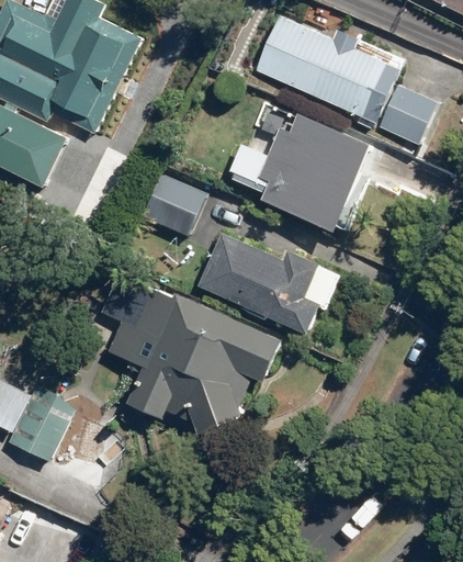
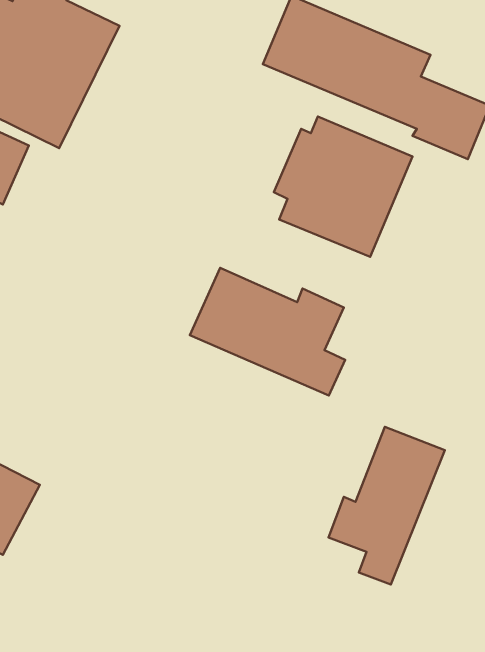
building: [139,173,204,237] -> none
building: [106,290,279,434] -> none
building: none -> [328,427,445,584]

